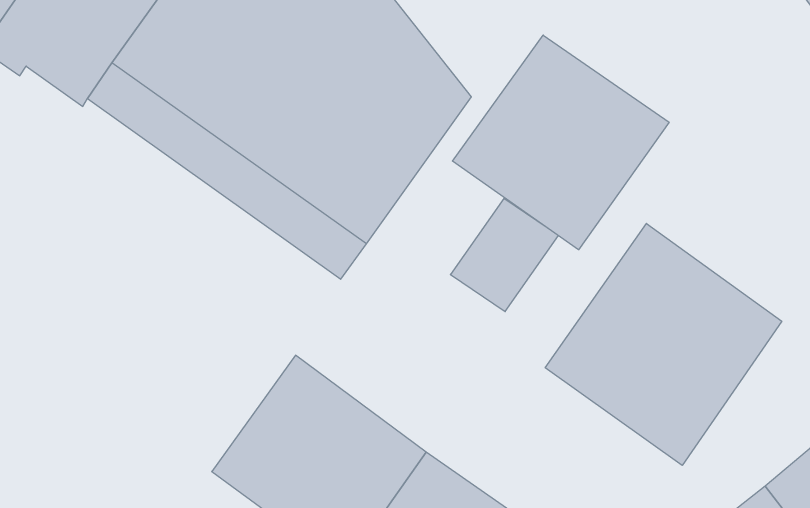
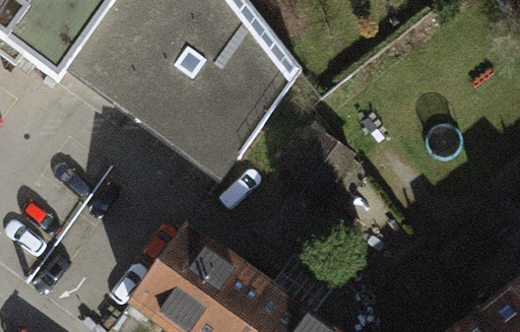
building: [452,35,669,250] -> none
building: [545,223,782,465] -> none

